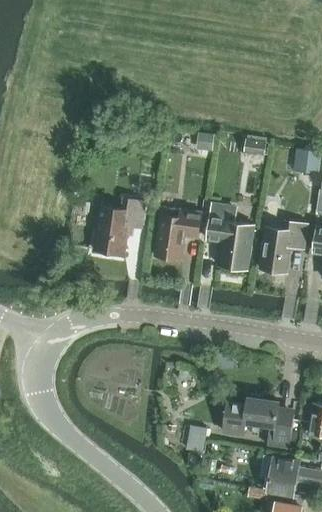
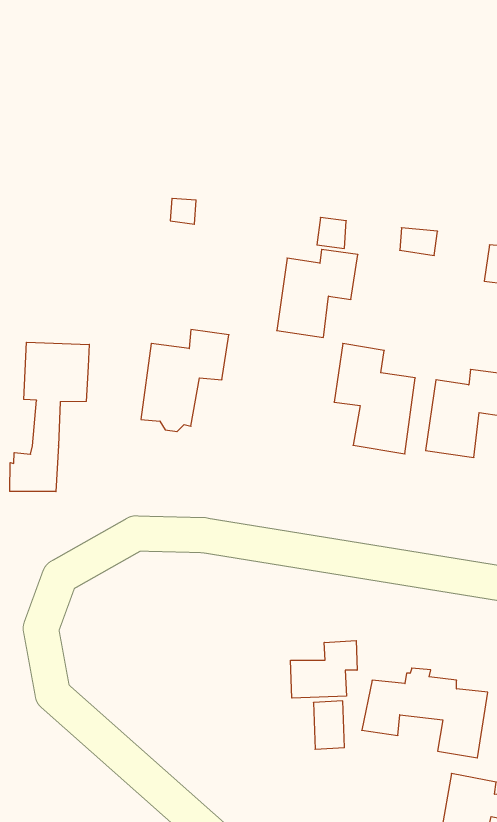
building: none -> [10,342,89,492]
building: [154,210,201,261] -> [277,249,358,337]
building: none -> [291,641,357,698]

